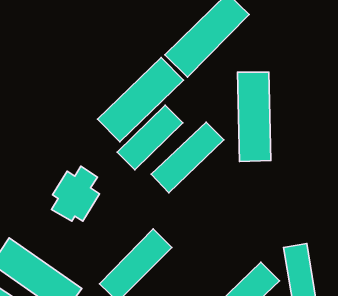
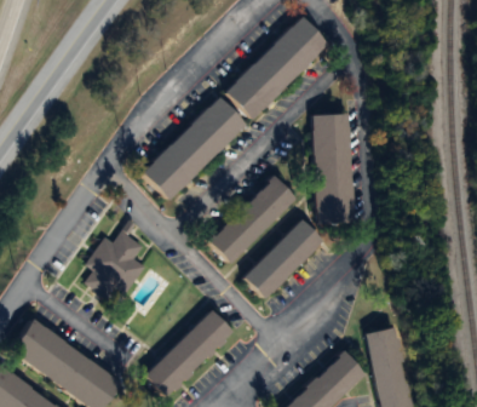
building: [117,105,183,170] -> [243,218,324,298]

